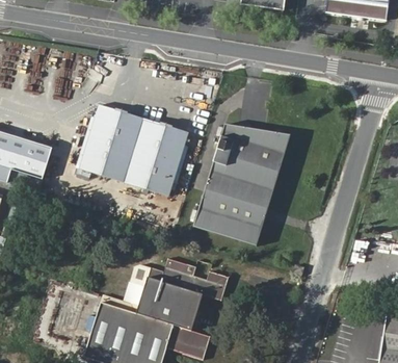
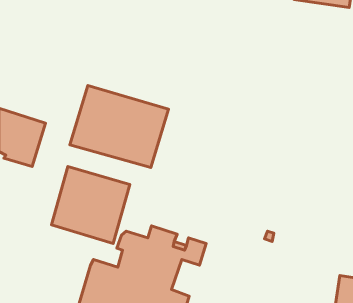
building: [194,123,288,245] -> none
building: none -> [52,166,130,244]

